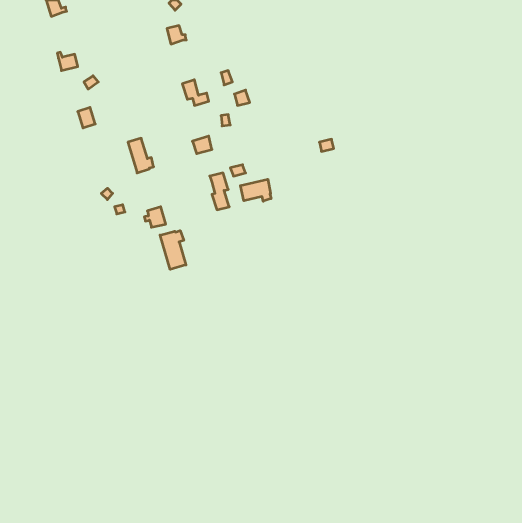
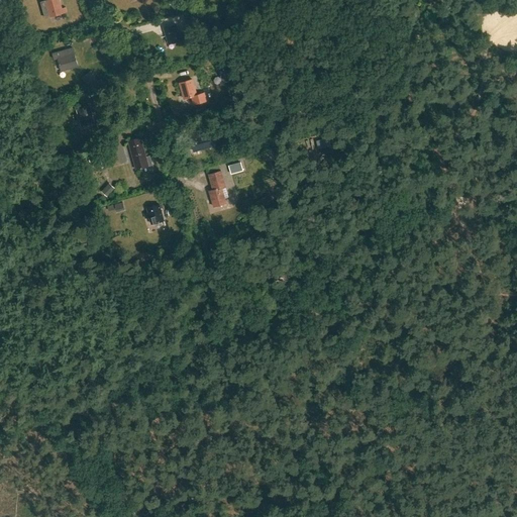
building: [240,179,271,201] -> none
building: [160,231,186,269] -> none

